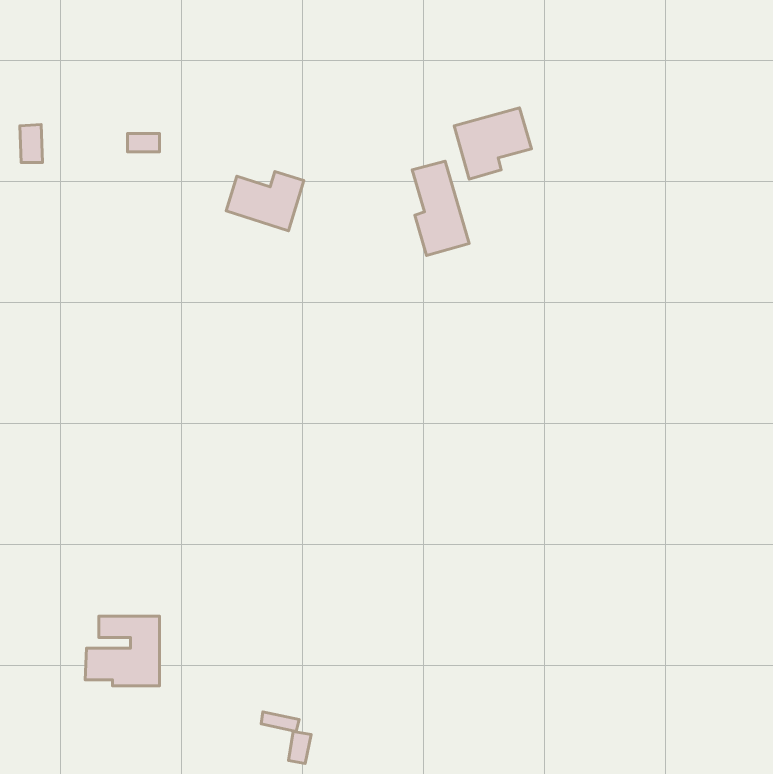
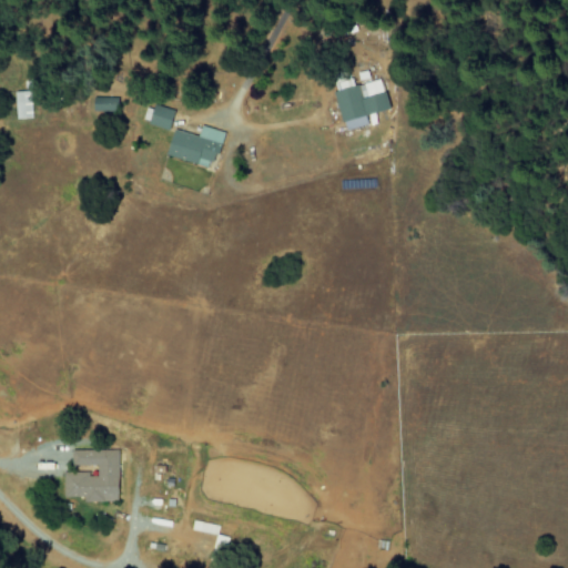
building: none -> [150,104,176,131]
building: [412,161,469,256] -> none

